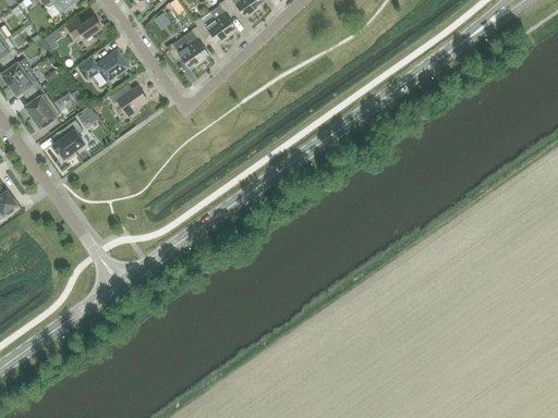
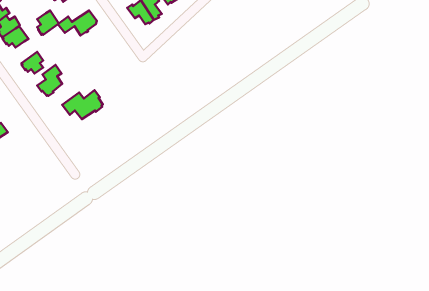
building: [109,82,147,115] -> none
building: [25,85,52,115] -> [37,11,59,35]
building: none -> [62,90,103,119]

